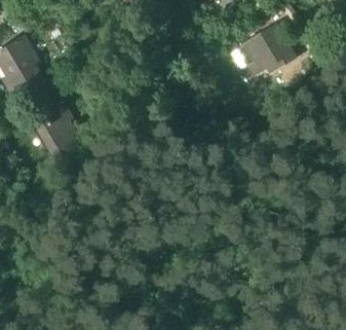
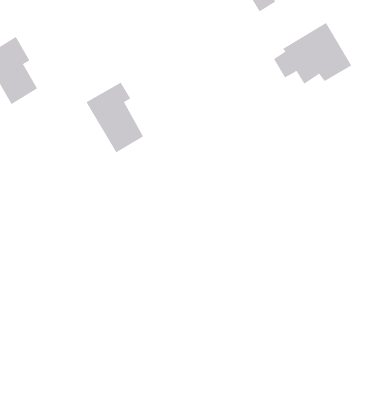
building: [33,100,80,157] -> [85,82,144,153]

